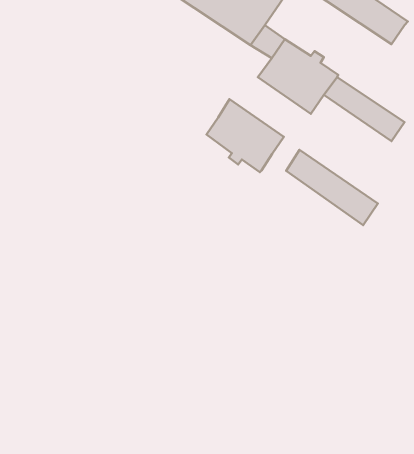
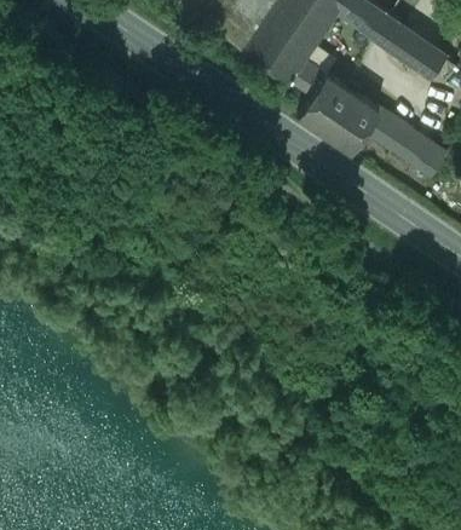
building: [206,99,284,172] -> none
building: [286,150,378,225] -> none

